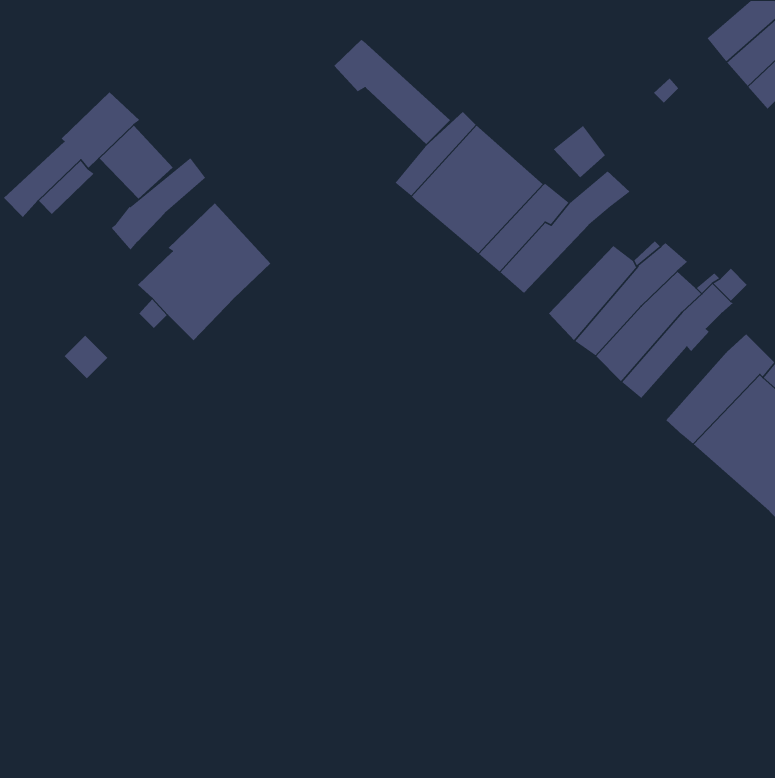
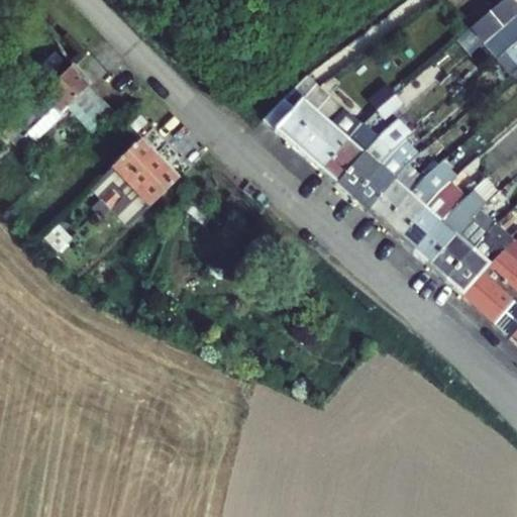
building: [333,39,451,145] -> none
building: [111,157,206,251] -> none
building: none -> [349,137,421,208]
building: none -> [427,208,497,279]

